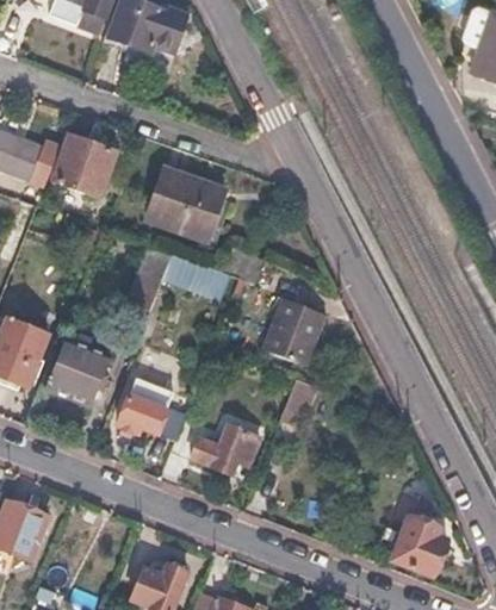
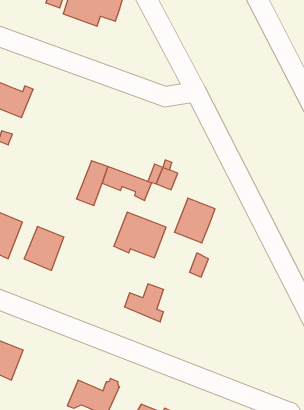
building: [57,135,118,197] -> none
building: [144,172,222,242] -> none
building: [117,376,192,442] -> [114,212,166,258]
building: [390,498,442,575] -> none

